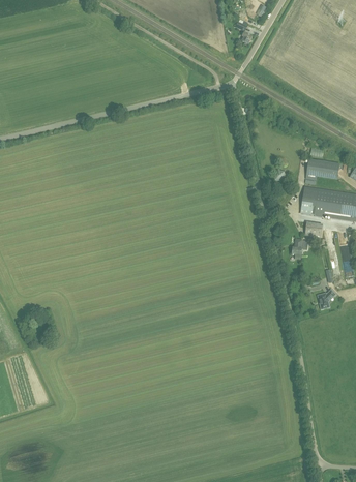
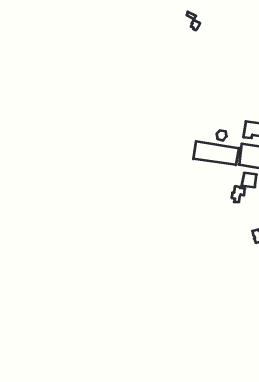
building: none -> [193,141,239,165]

